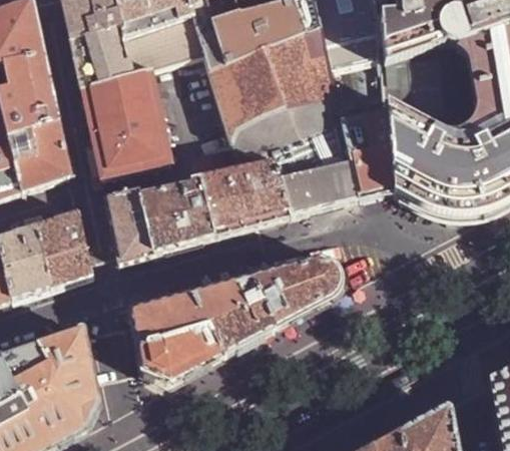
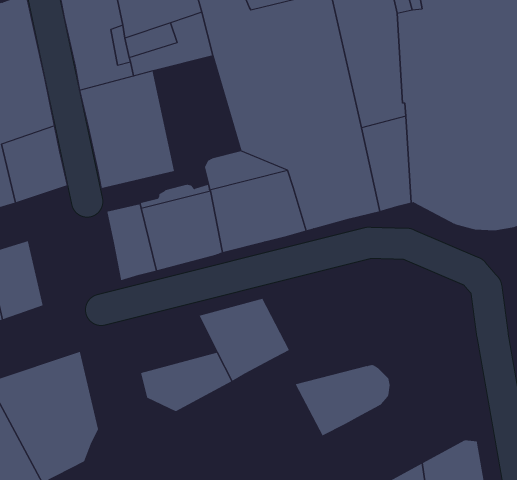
building: [34,209,90,284] -> none
building: [250,259,339,325] -> [295,365,390,436]
building: [131,293,208,346] -> none

